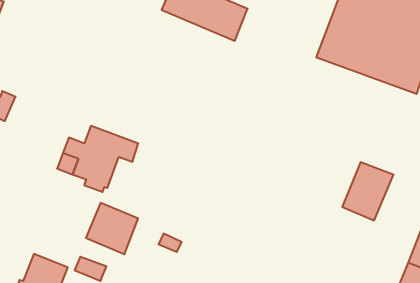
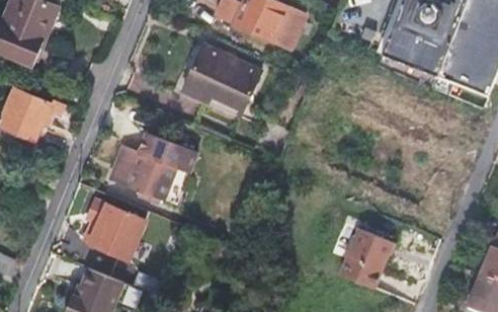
building: none -> [179,43,261,120]
building: [342,162,394,220] -> [341,229,395,290]
building: [86,203,138,254] -> [85,207,140,260]

